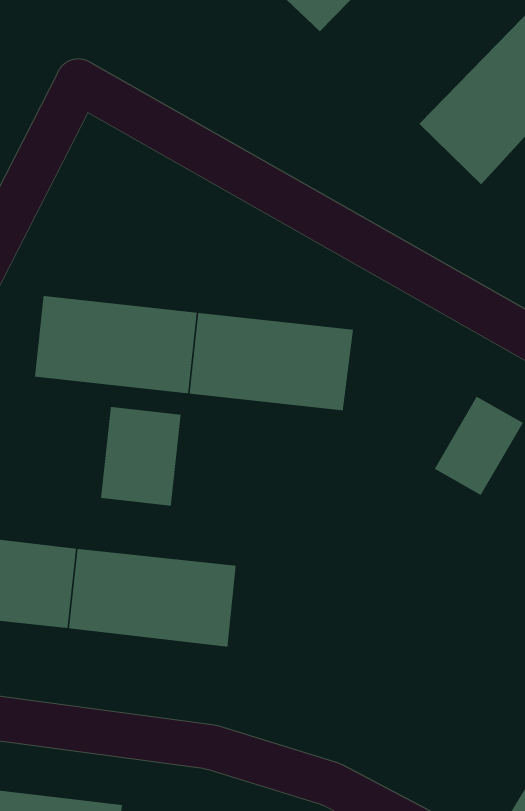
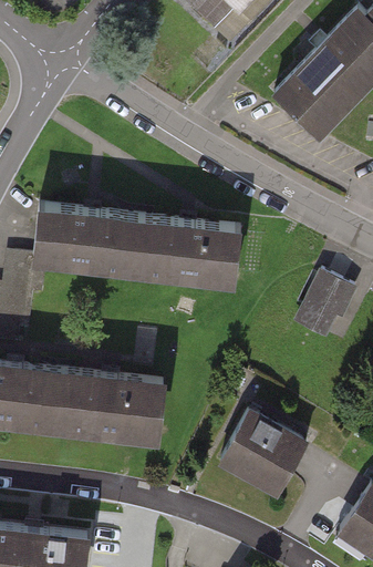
building: [101,406,181,507] -> none
building: none -> [218,411,302,495]

